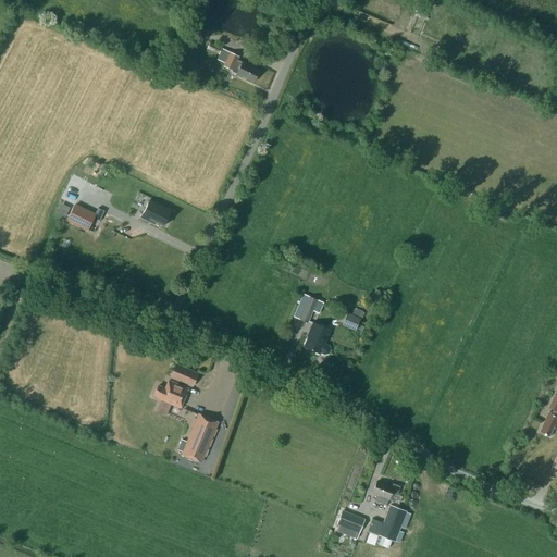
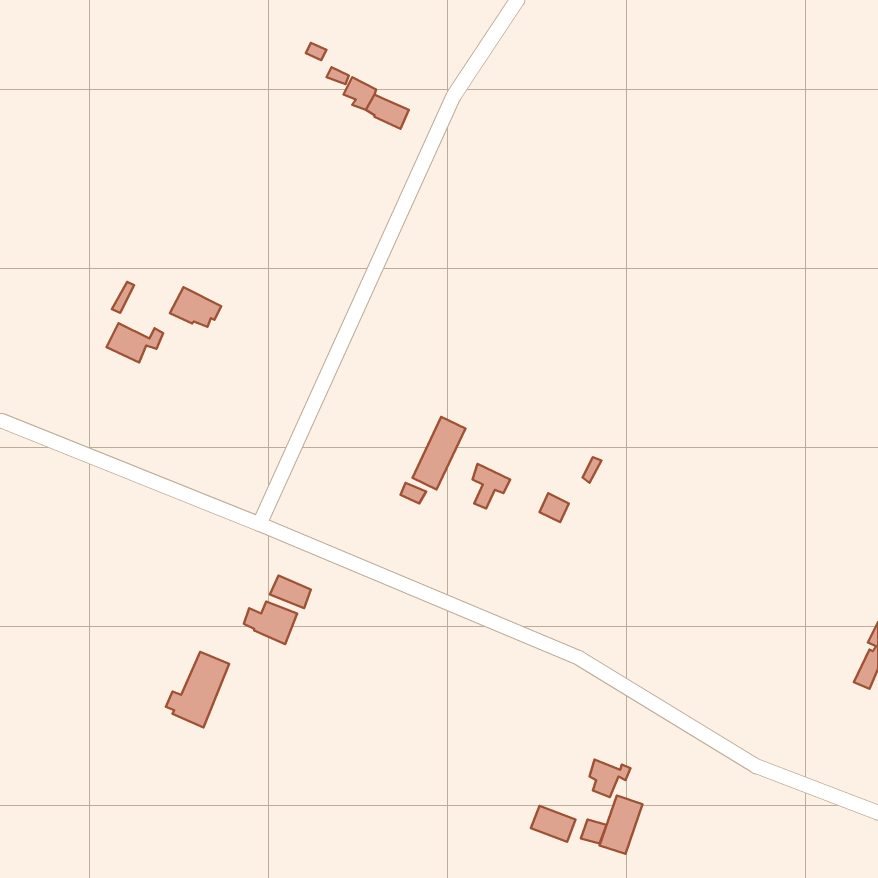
building: [140,200,173,225] -> [170,287,221,327]
building: none -> [412,417,465,490]
building: [305,322,331,354] -> none
building: [177,414,218,462] -> [166,652,229,727]

